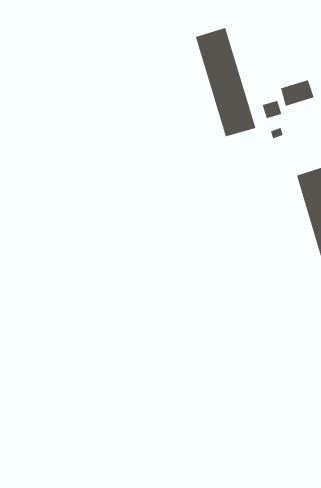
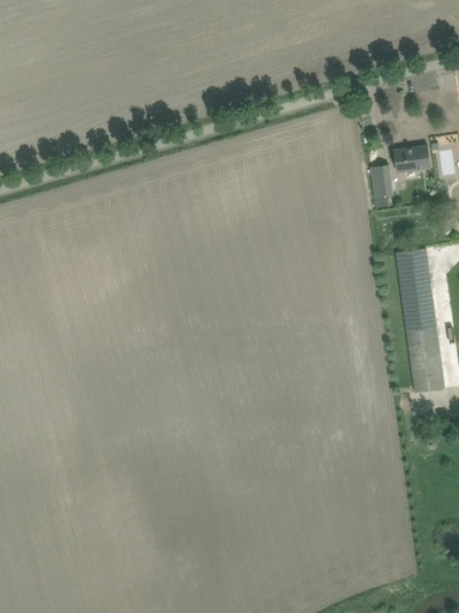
building: [195,27,256,137] -> none

